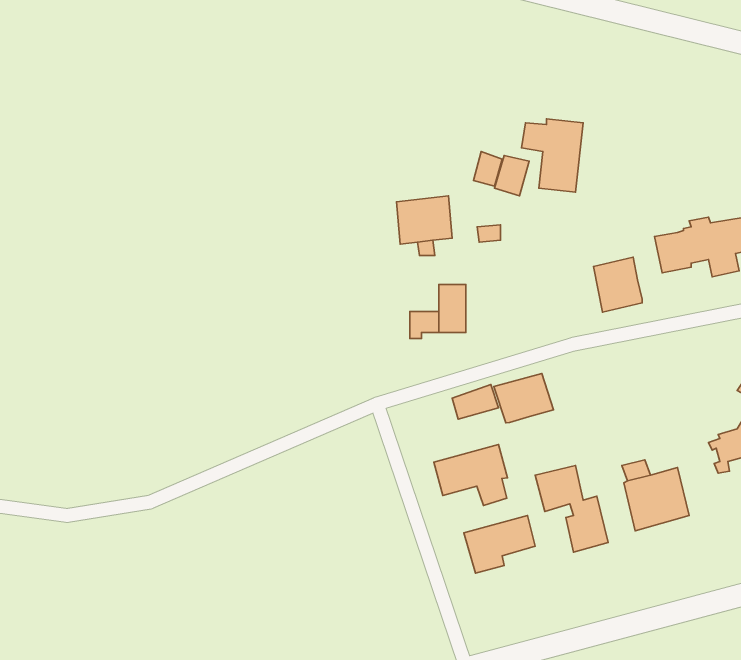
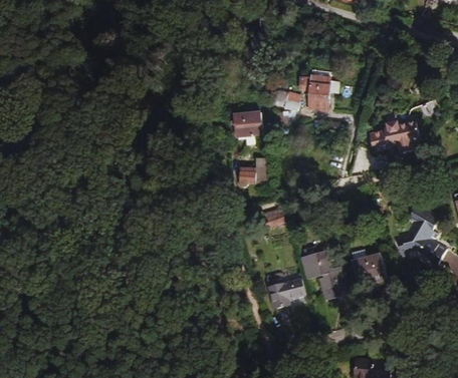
building: [594,257,642,312] -> none
building: [494,373,554,423] -> none
building: [434,444,507,505] -> none

